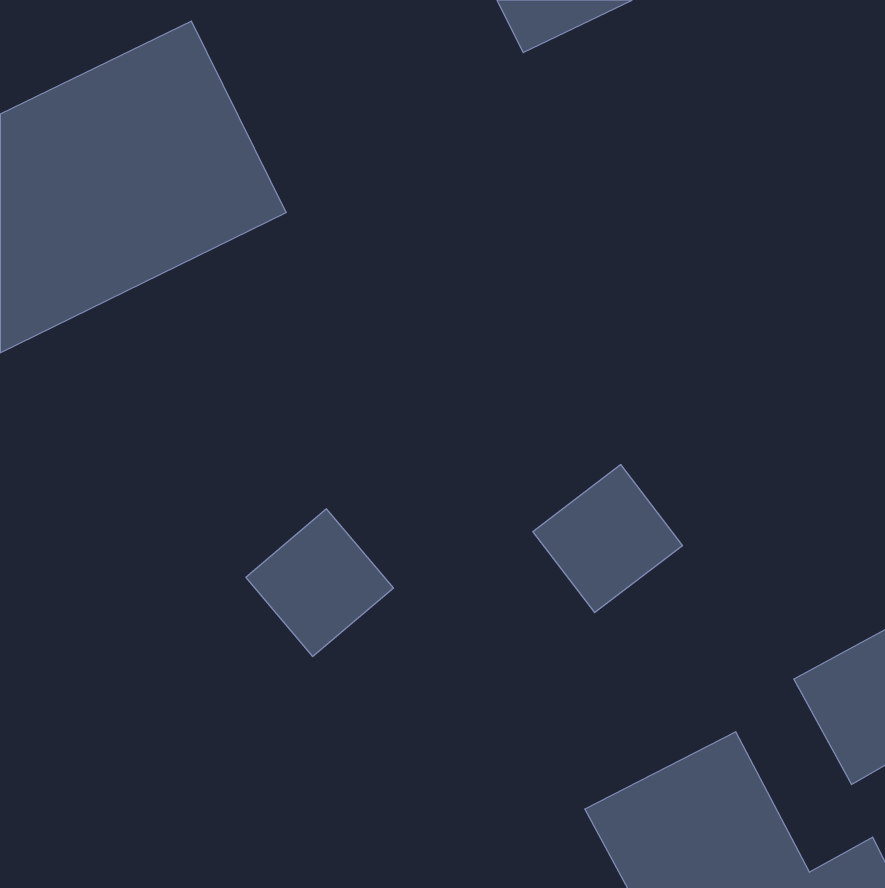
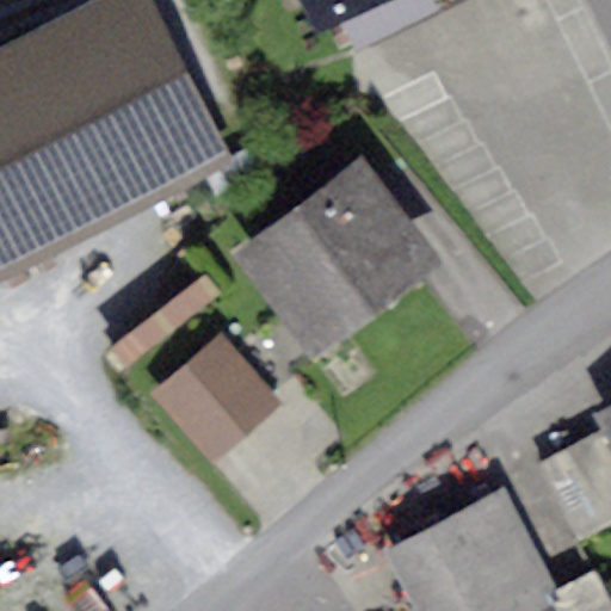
building: none -> [269,163,421,332]
building: [533,465,682,613] -> none

